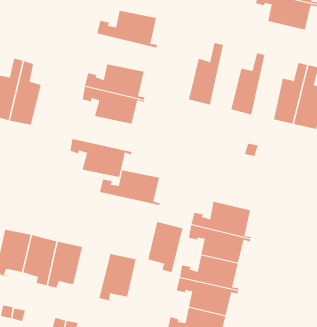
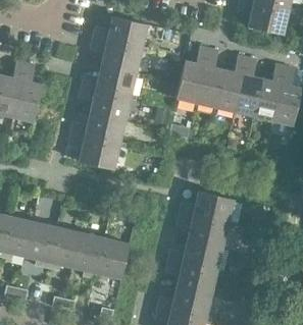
building: none -> [90,38,147,72]
building: none -> [196,48,223,107]
building: none -> [234,57,261,116]
building: [99,170,161,206] -> [69,113,125,146]
building: [147,221,183,273] -> [71,232,104,279]

